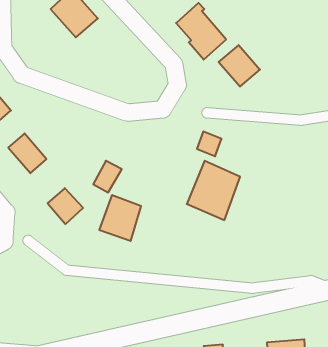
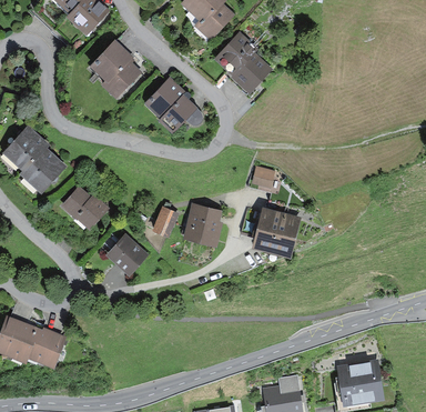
building: none -> [146,83,201,134]
building: [219,45,260,87] -> none
building: [99,195,141,241] -> [182,198,221,241]

